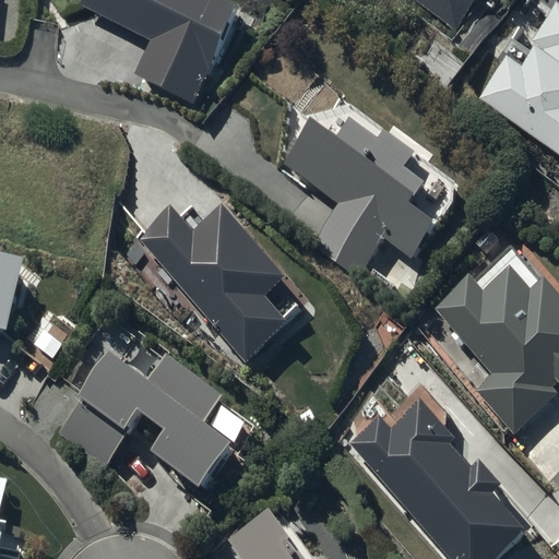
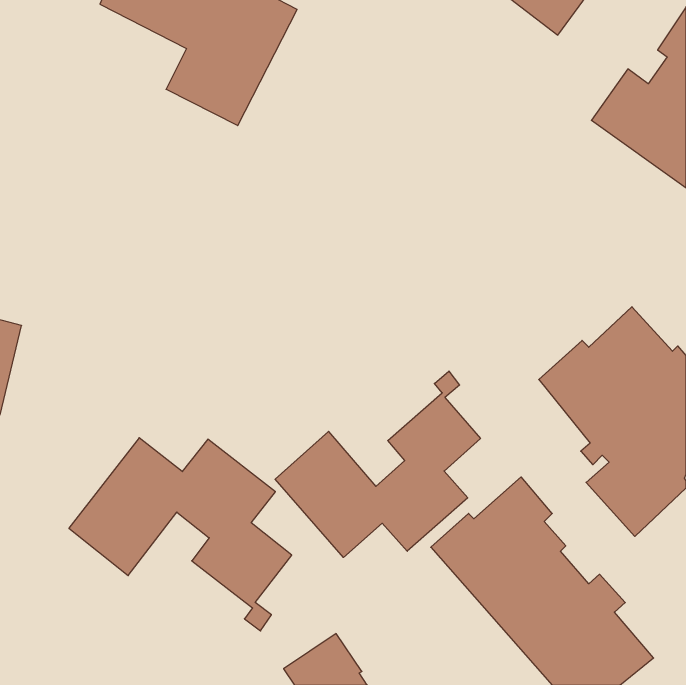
building: [282,119,437,276] -> none
building: [139,207,299,360] -> none
building: none -> [275,371,480,557]

